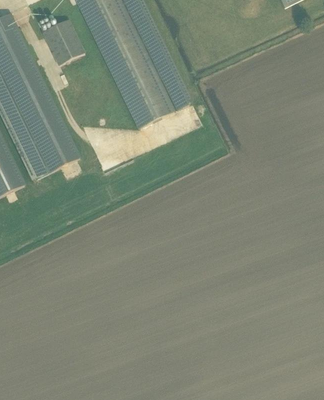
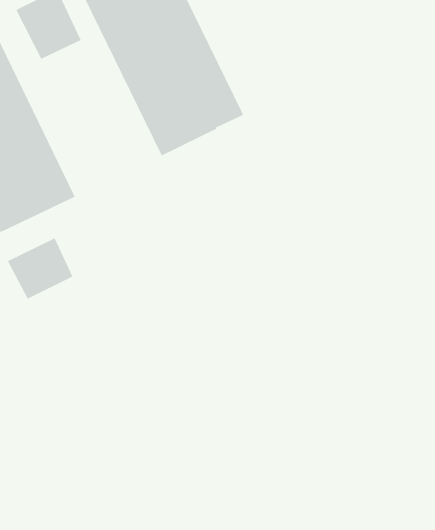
building: none -> [7,238,73,299]

